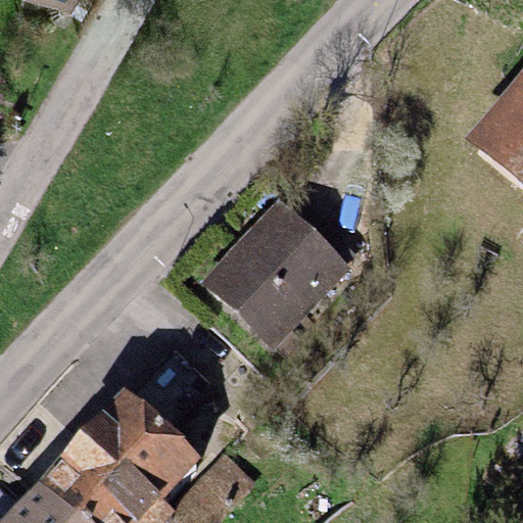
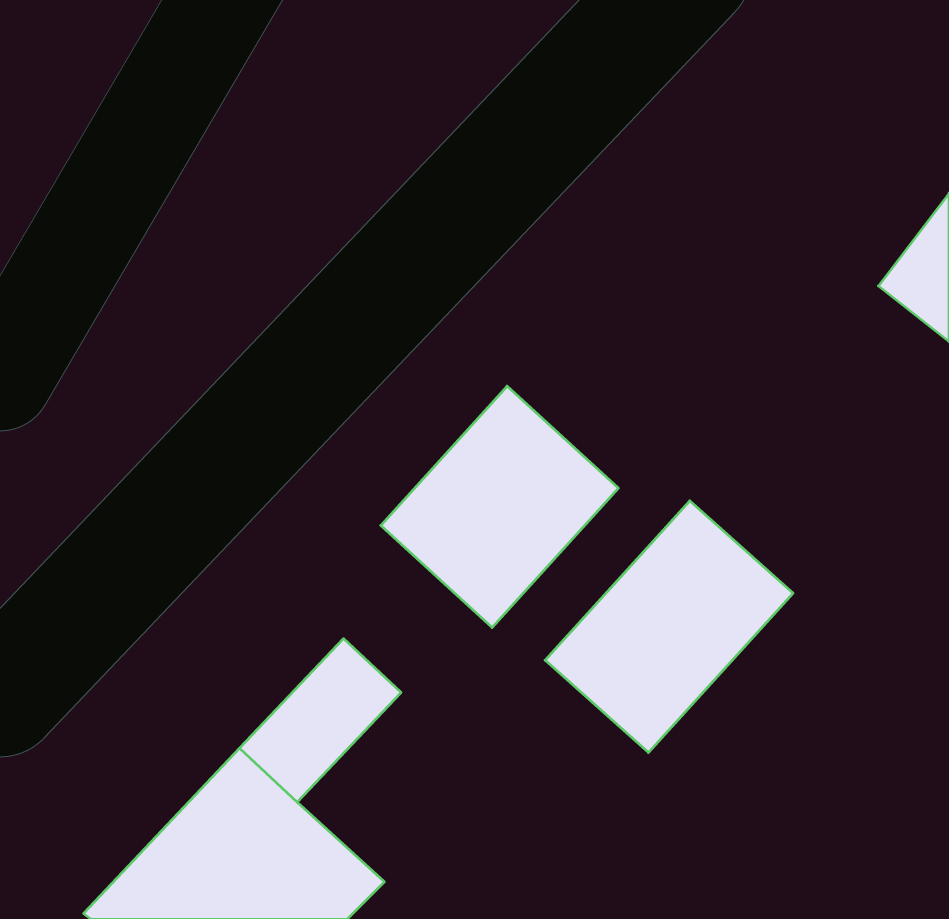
building: none -> [545,501,793,753]

